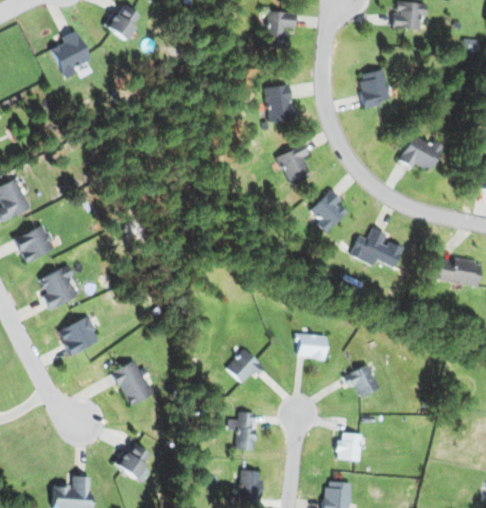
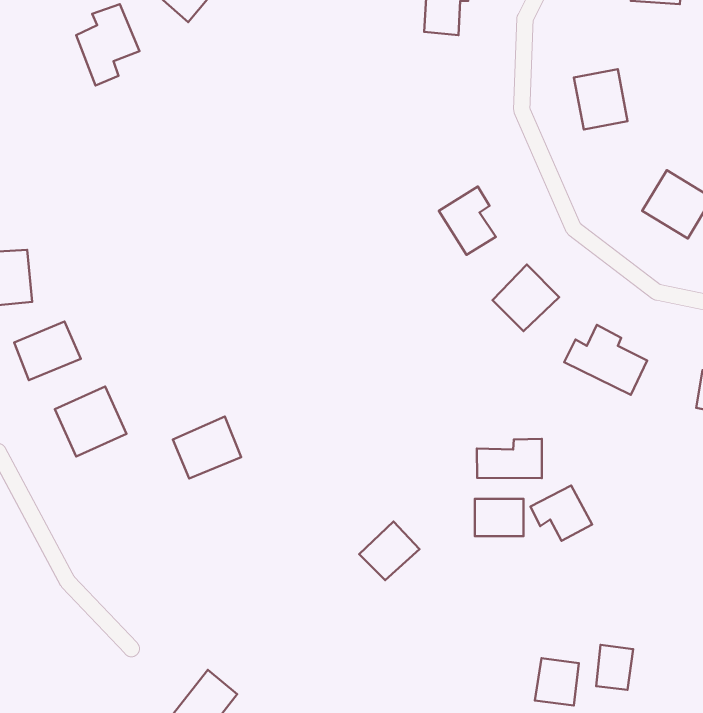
building: [267,86,291,121] -> none
building: none -> [477,439,542,478]
building: [59,316,101,354] -> [173,417,241,478]
building: [117,360,154,404] -> none
building: [345,363,383,397] -> [530,485,592,541]
building: [231,412,255,450] -> none
building: none -> [596,645,633,690]

